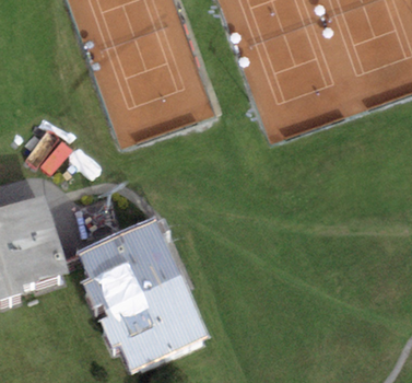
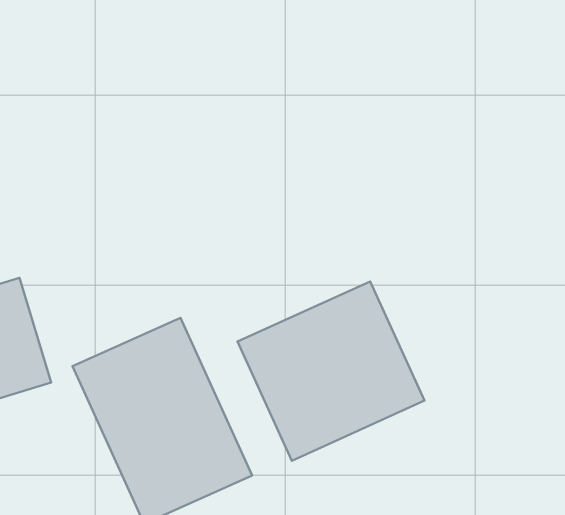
building: none -> [237,281,425,461]

